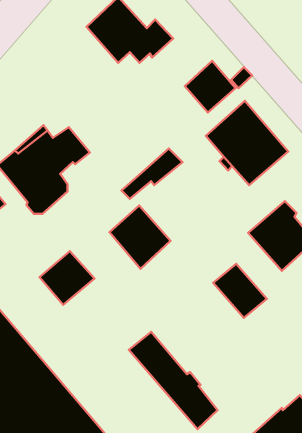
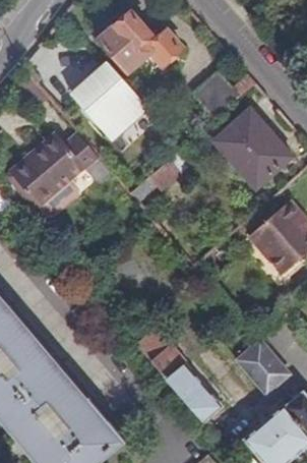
building: none -> [70,62,147,140]
building: [109,205,171,269] -> none
building: [39,251,95,305] -> none
building: [213,264,267,318] -> [236,342,288,394]

